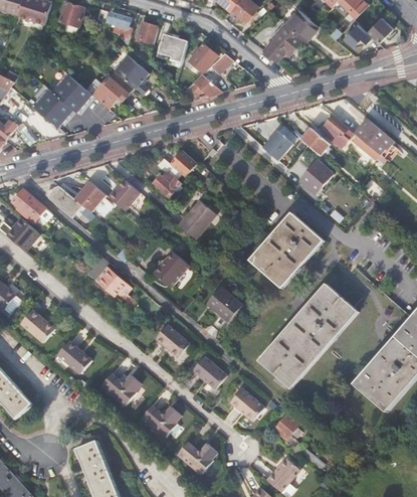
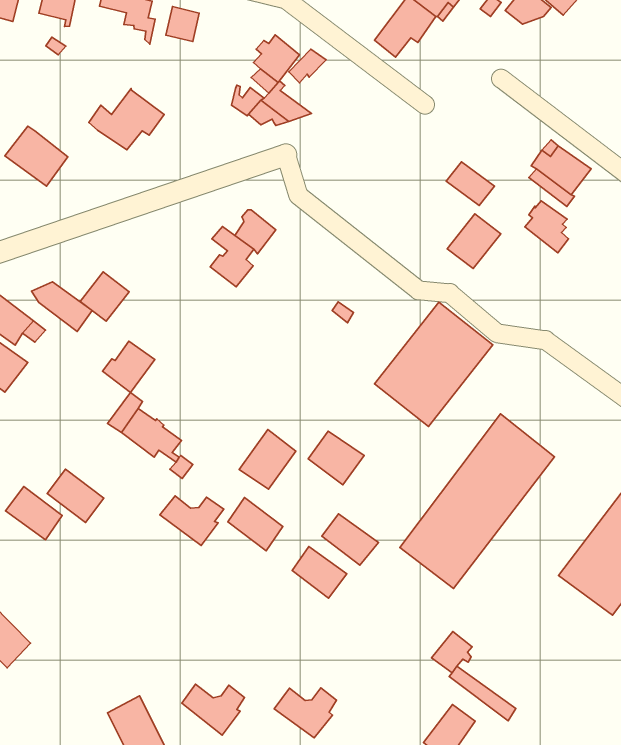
building: [157,34,187,62] -> none
building: [114,54,148,95] -> none
building: [53,74,91,113] -> none
building: [321,115,347,147] -> [525,201,568,253]
building: [262,130,292,160] -> none
building: [108,179,140,210] -> [103,341,155,392]
building: [178,199,215,238] -> none
building: [153,251,188,287] -> [239,430,296,489]
building: [57,341,91,374] -> [47,469,104,522]
building: [100,372,140,403] -> [160,496,224,545]
building: [230,388,264,421] -> [322,514,378,565]
building: [141,404,179,437] -> [182,684,244,735]

